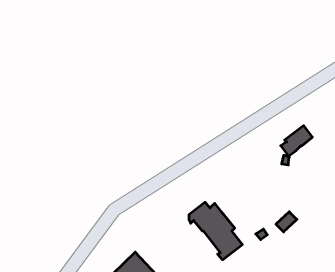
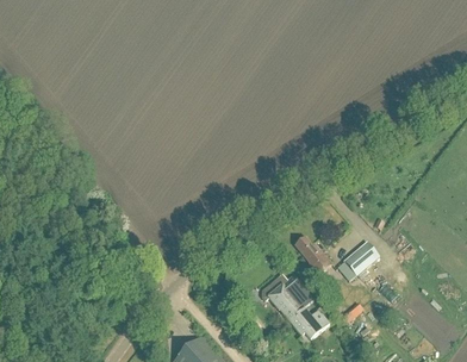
building: [281,126,312,156] -> [338,241,378,279]
building: none -> [295,236,334,275]

